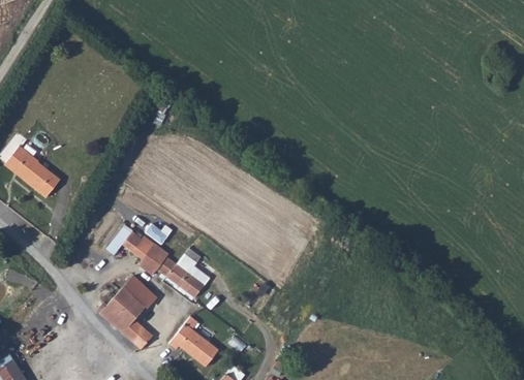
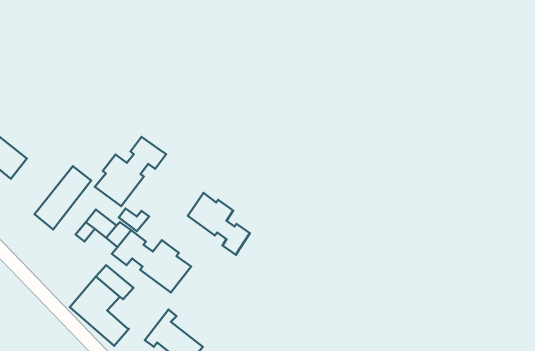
building: none -> [95,137,166,206]
building: none -> [35,166,91,229]
building: none -> [188,193,250,255]

